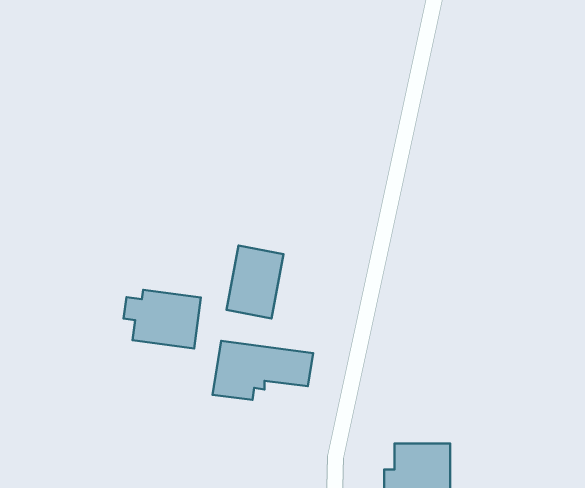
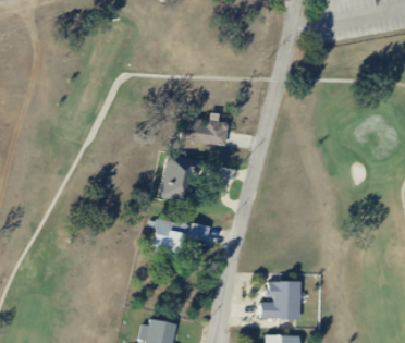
building: none -> [182,120,228,148]
building: [124,290,201,348] -> none

